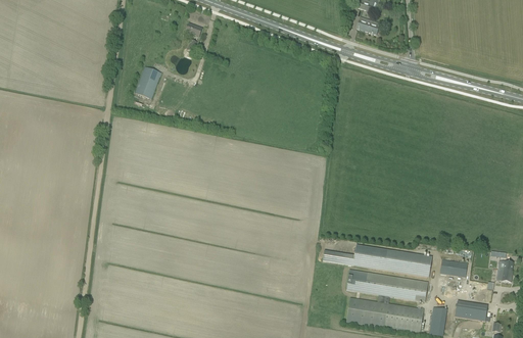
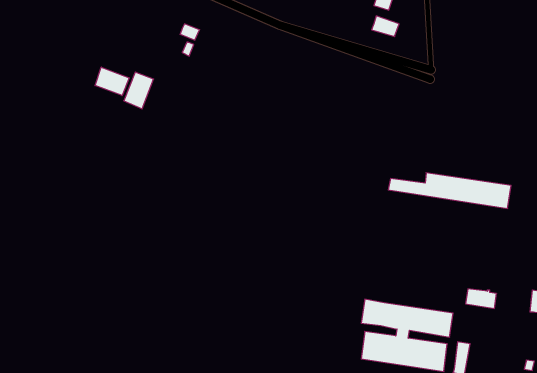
building: none -> [95,67,129,96]
building: [322,244,431,276] -> [388,173,511,208]
building: [455,301,487,321] -> none

